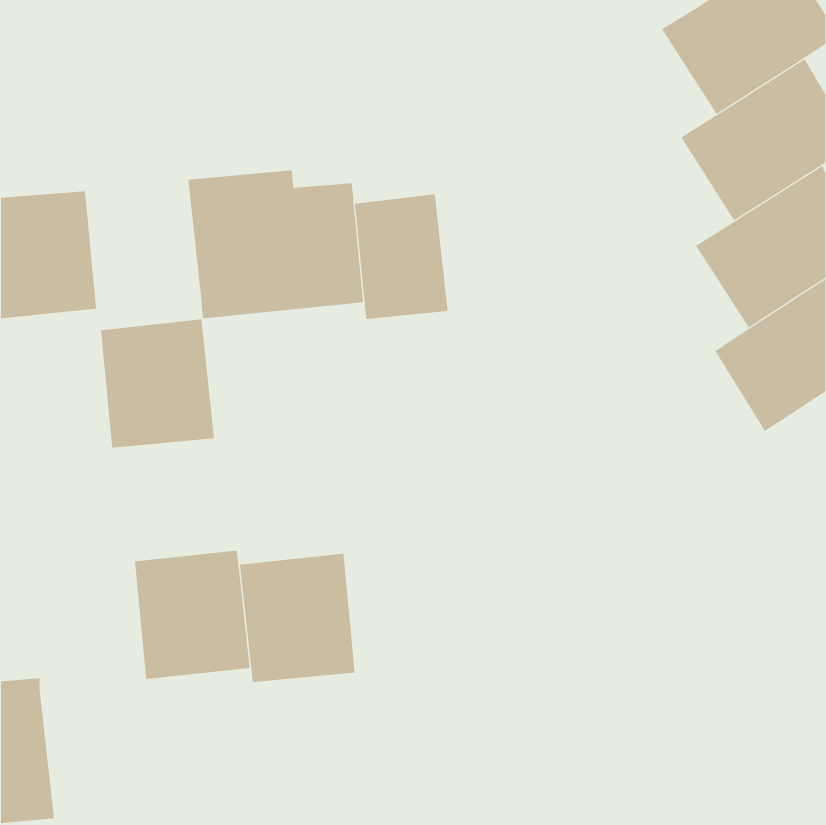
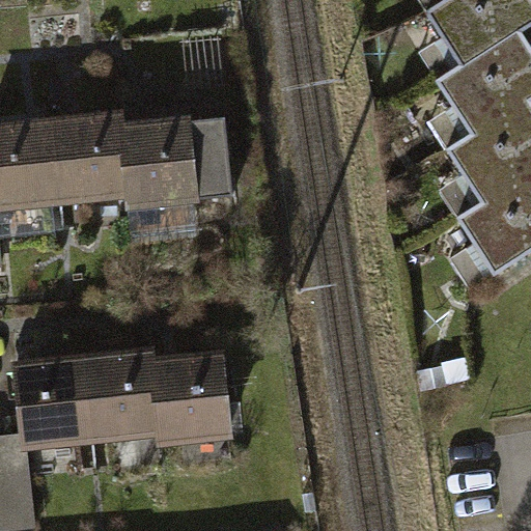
building: [354,194,448,320] -> none
building: [100,319,215,448] -> [55,115,129,198]
building: none -> [19,360,93,443]

